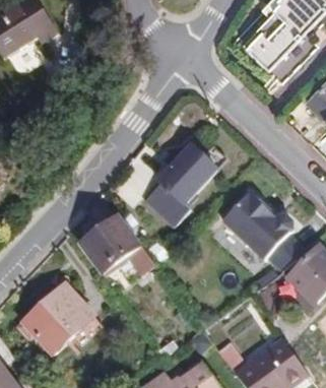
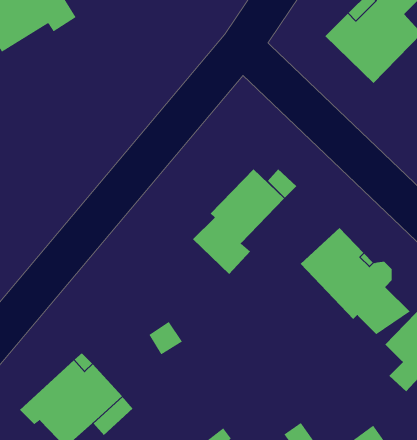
building: [79,216,153,274] -> none

